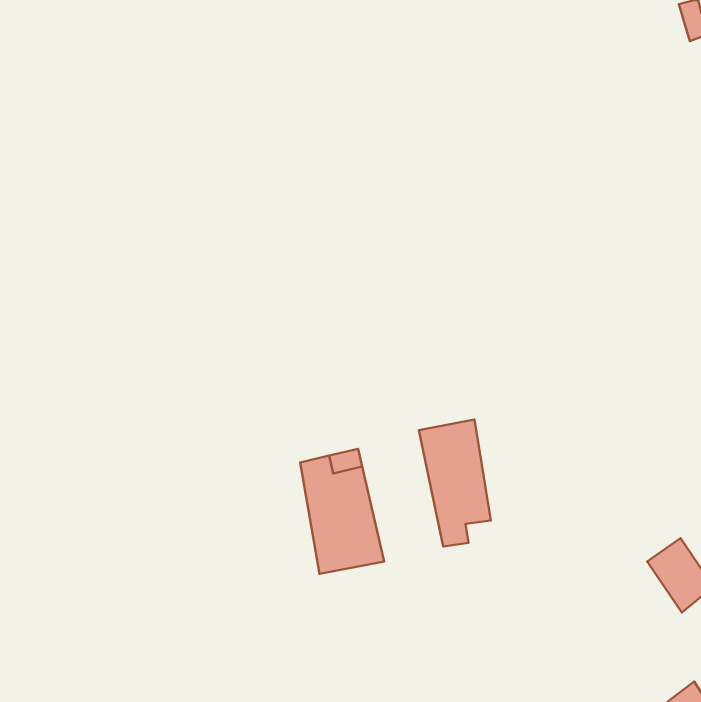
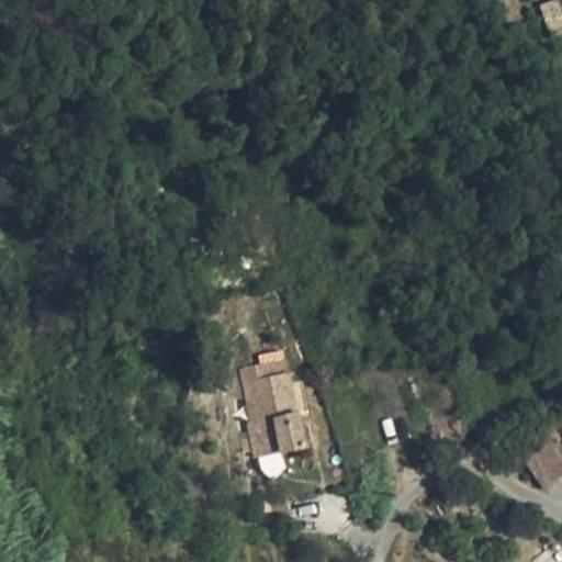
building: [419,419,491,546] -> none

